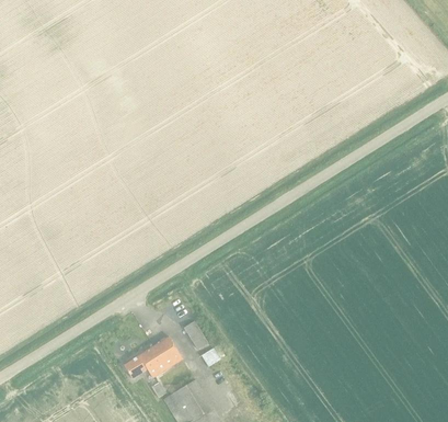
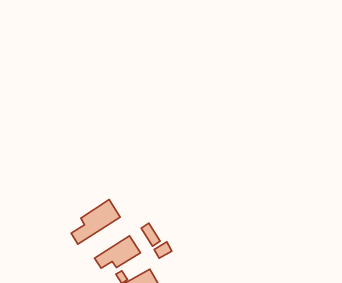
building: none -> [71,199,120,244]

